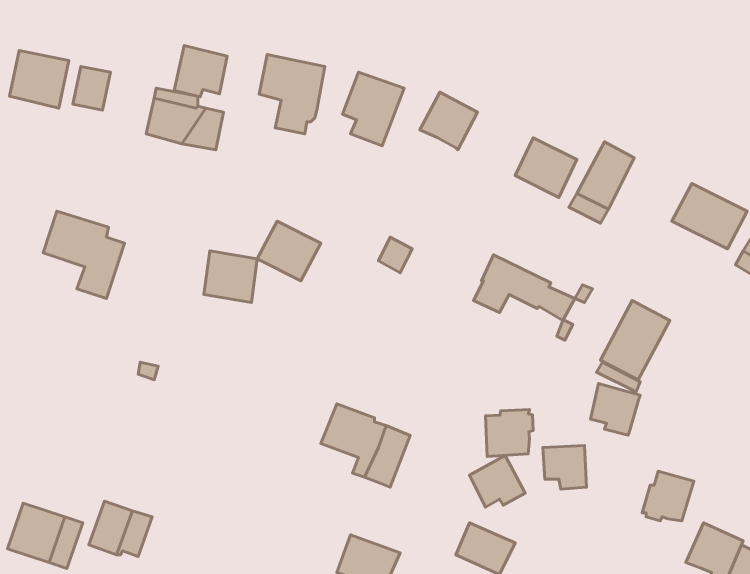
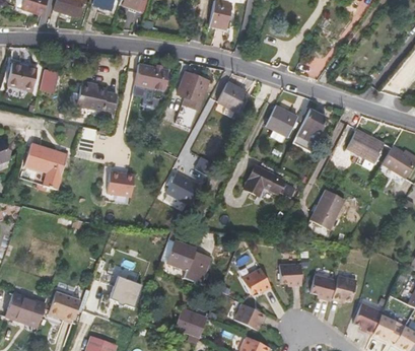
building: [174,45,227,97] -> none
building: [257,221,321,281] -> [165,172,198,203]
building: [591,383,640,435] -> [310,274,336,300]
building: [485,409,533,457] -> none
building: none -> [110,275,143,307]

